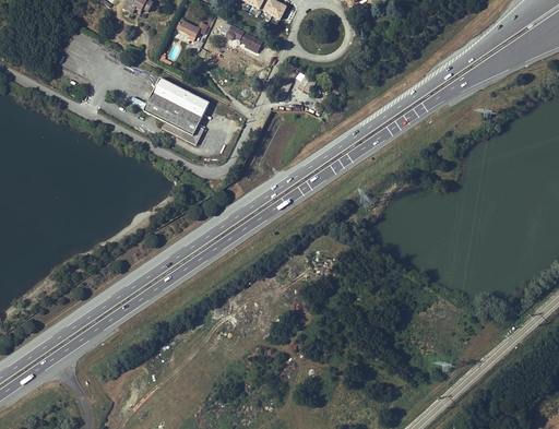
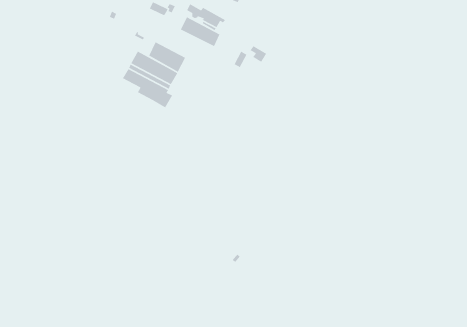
building: none -> [180,16,220,47]
building: none -> [148,41,186,73]

